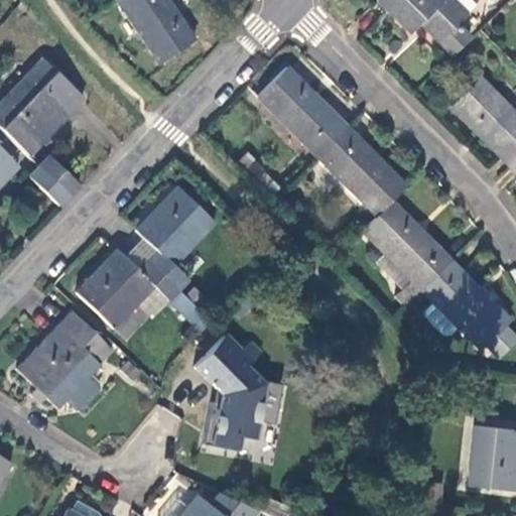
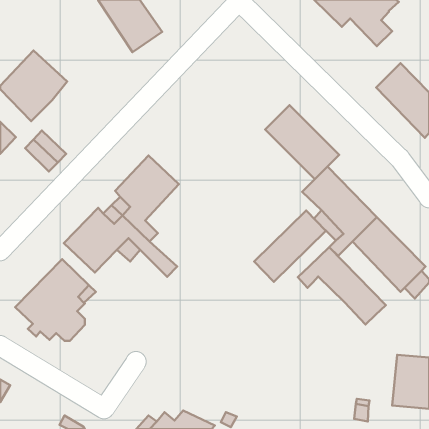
building: [258,66,348,155] -> none
building: none -> [254,211,326,282]
building: none -> [298,247,386,325]
building: [196,335,282,448] -> none

